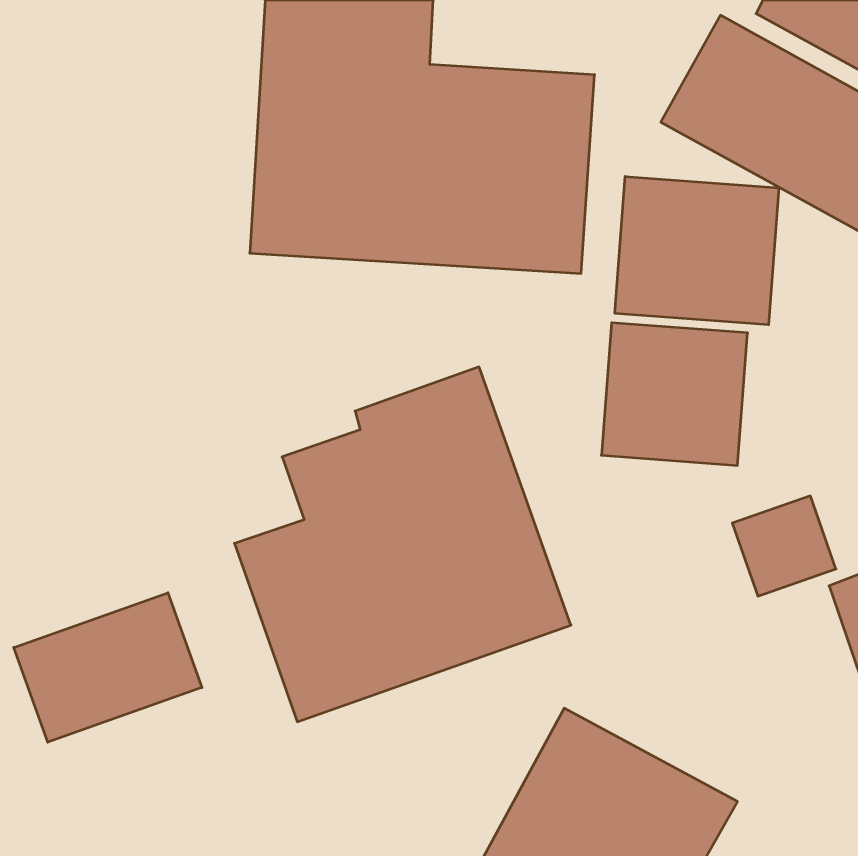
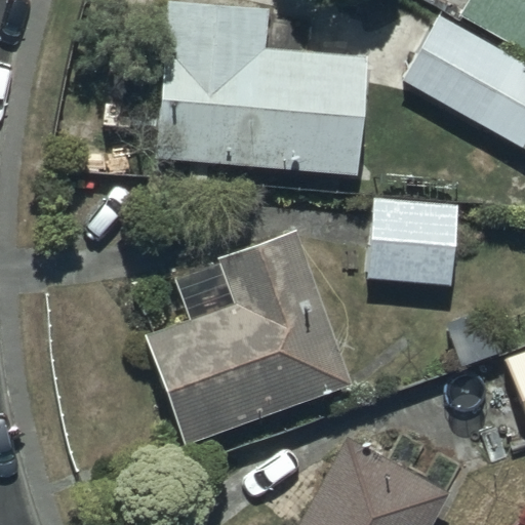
building: [615,176,779,325] -> none
building: [14,593,202,742] -> none

